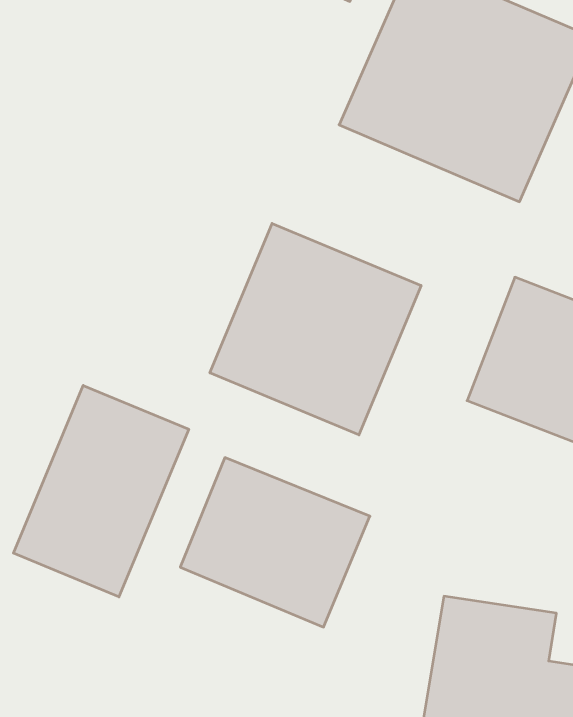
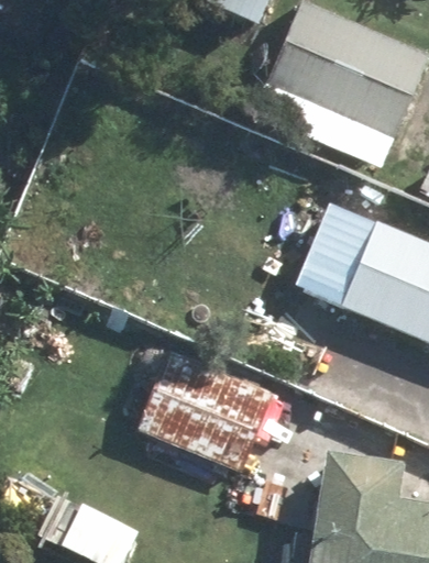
building: [210,223,421,435] -> none
building: [13,385,189,597] -> none

